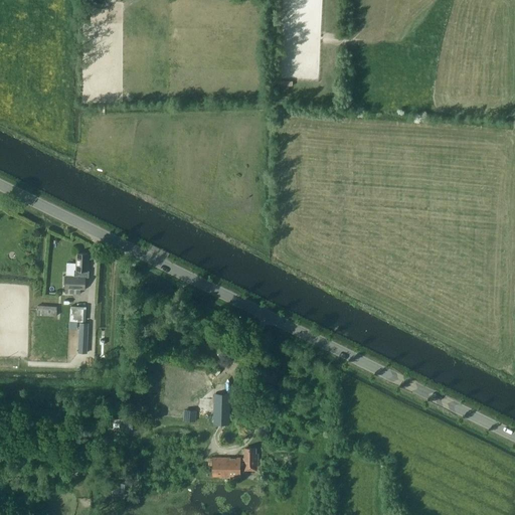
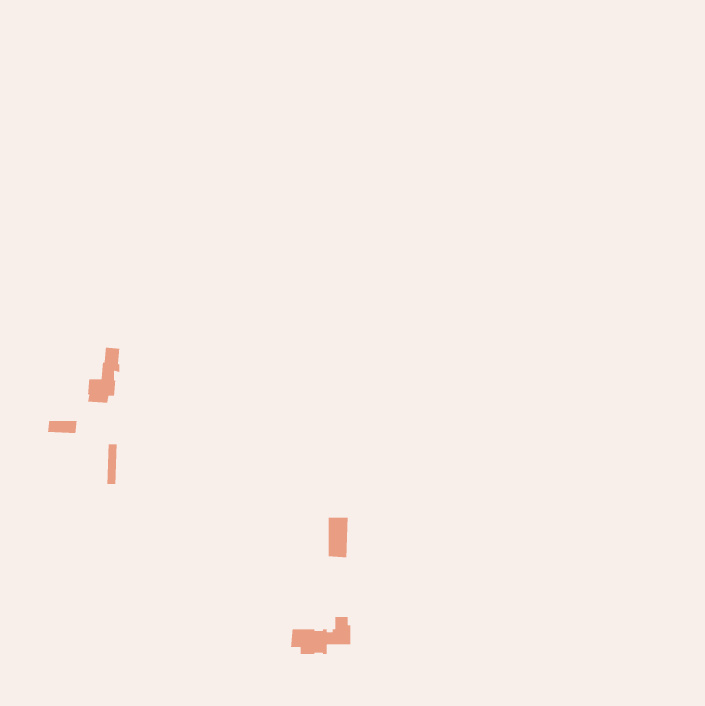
building: [213,394,228,424] -> [328,517,348,558]

